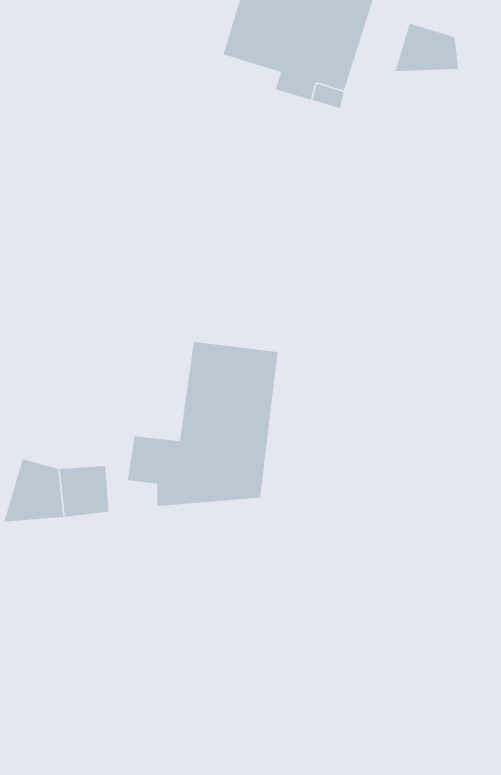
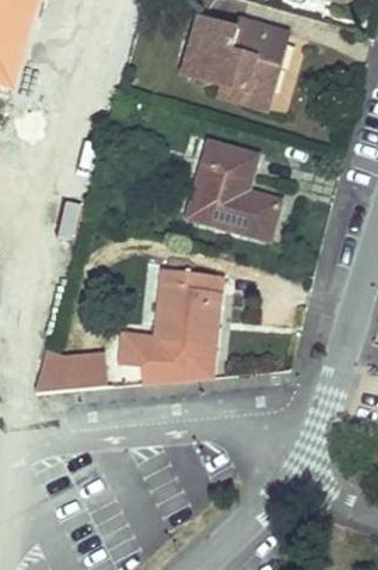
building: [395,22,459,72] -> none
building: none -> [190,142,280,238]

